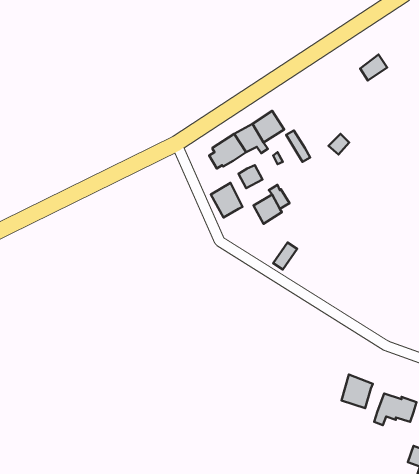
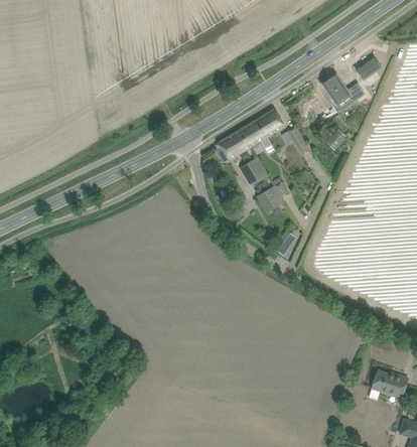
building: none -> [321,73,365,104]
building: [211,183,242,218] -> none
building: [341,375,373,408] -> none

